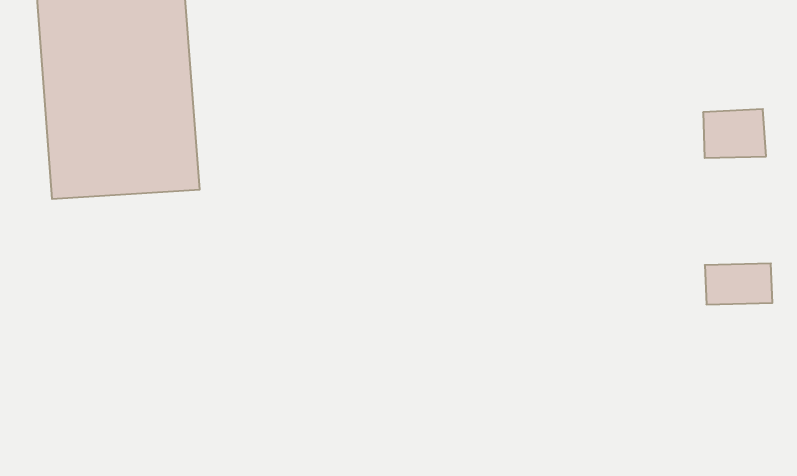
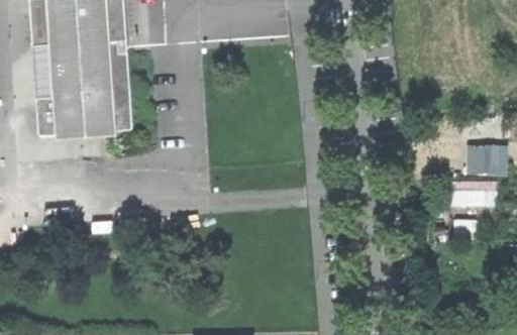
building: [703,109,766,158] -> [467,141,507,173]

